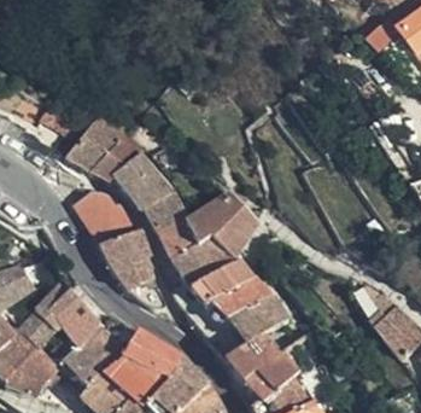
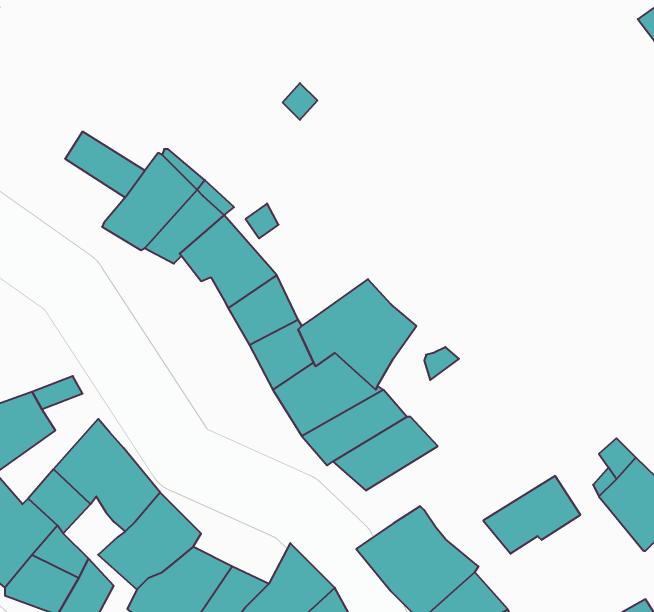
building: [75,186,168,308] -> none
building: [229,295,290,343] -> [483,476,580,554]
building: [122,330,182,380] -> none

